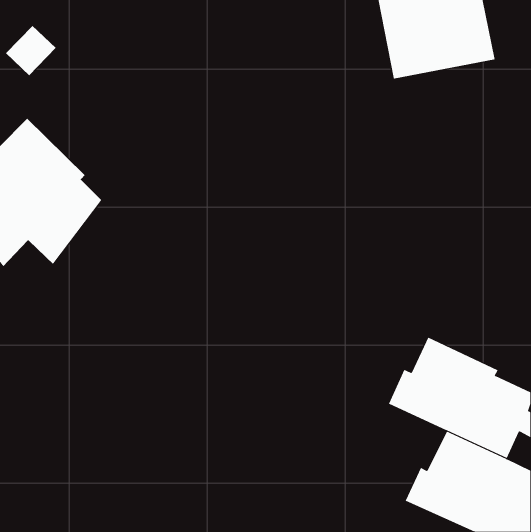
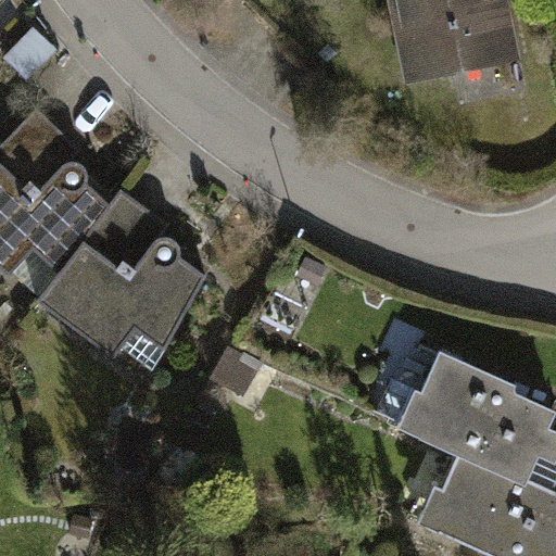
building: none -> [36,203,211,358]

